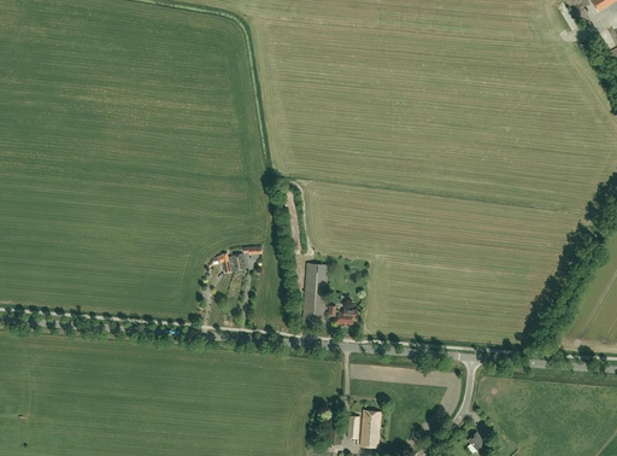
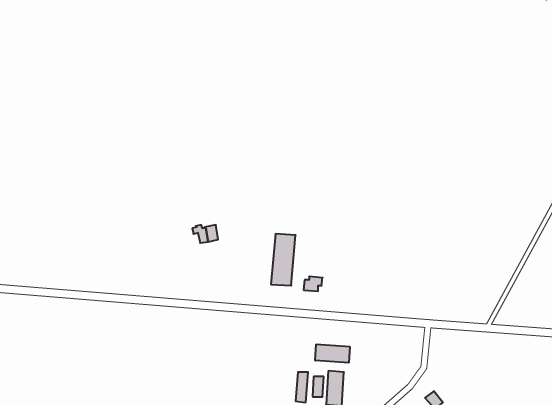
building: none -> [315,344,350,363]

